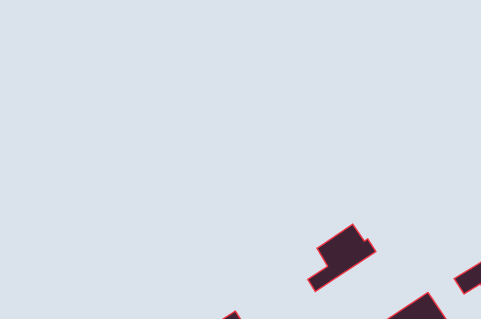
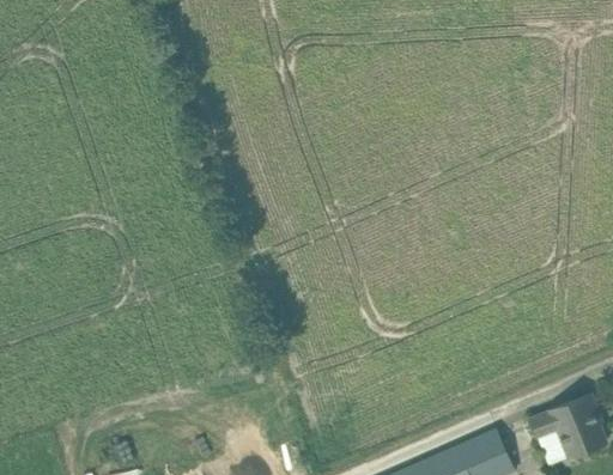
building: [308,224,376,292] -> none

